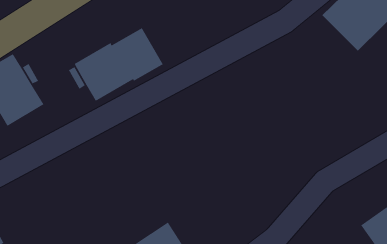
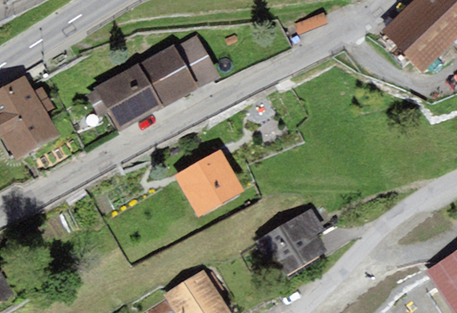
building: none -> [174,35,220,88]
building: none -> [174,149,244,216]
building: none -> [255,209,327,280]

